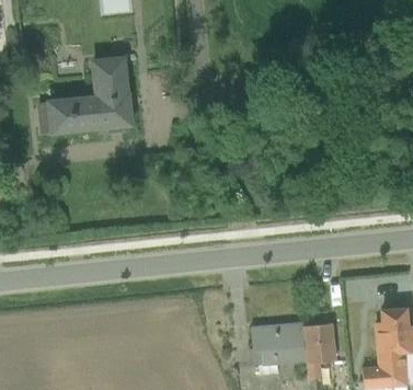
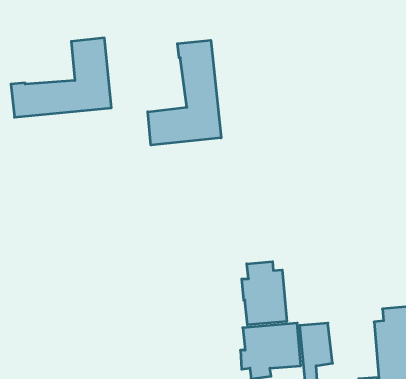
building: none -> [148,40,221,145]
building: none -> [242,262,287,325]

